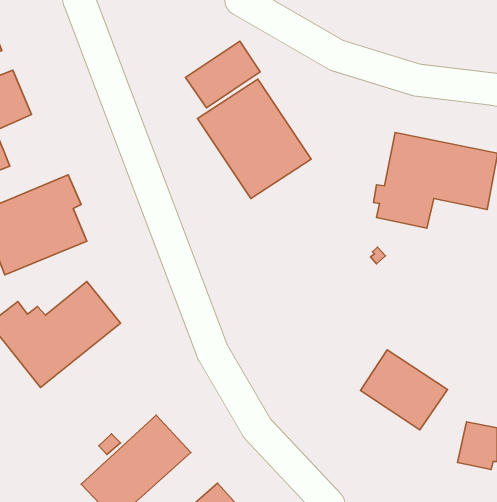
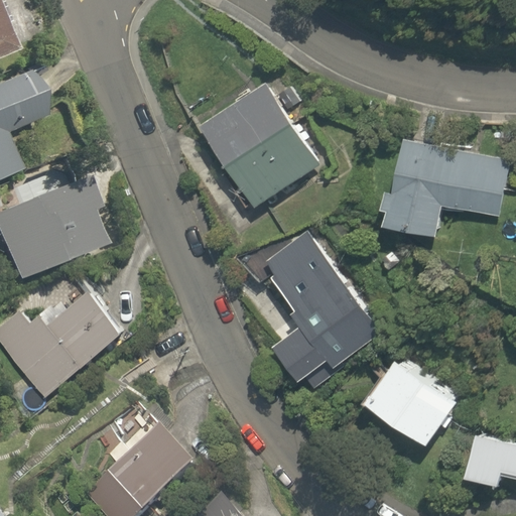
building: [185,41,260,108] -> none
building: none -> [265,231,381,390]

